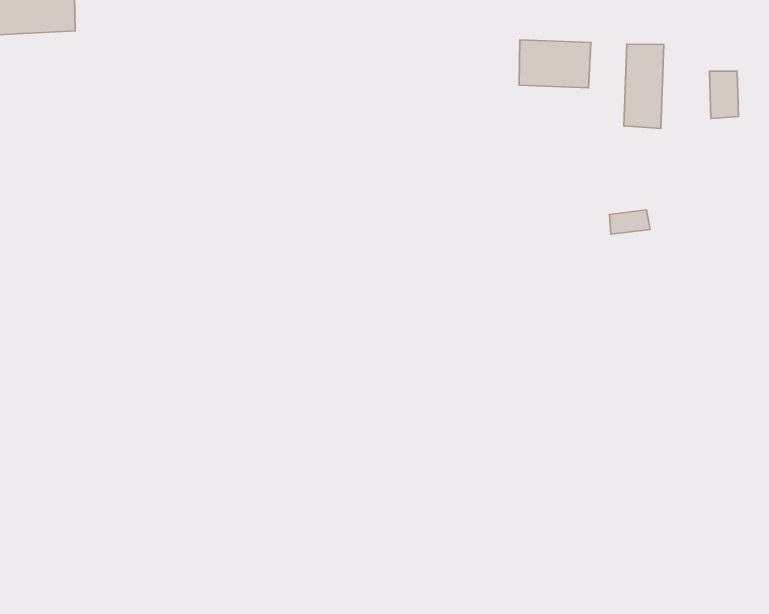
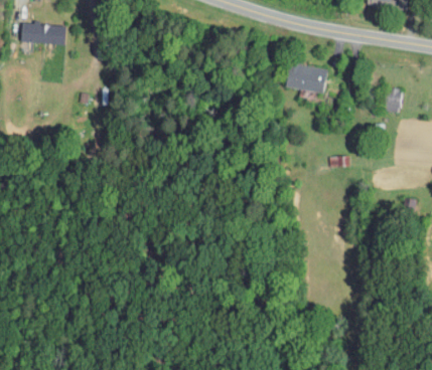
building: [624,44,664,129] -> none

